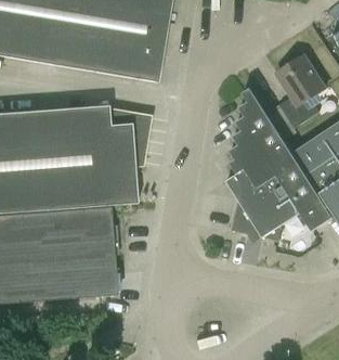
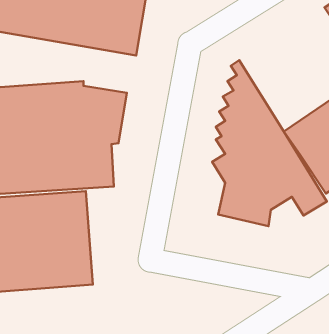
building: [276,55,325,128] -> none

